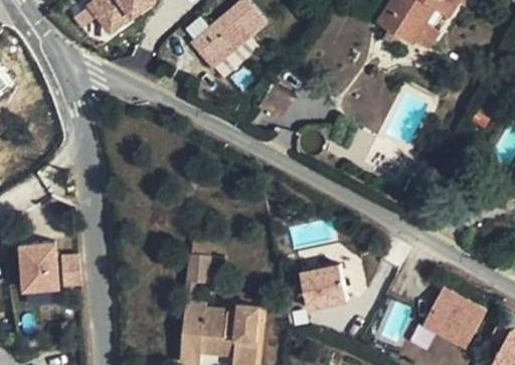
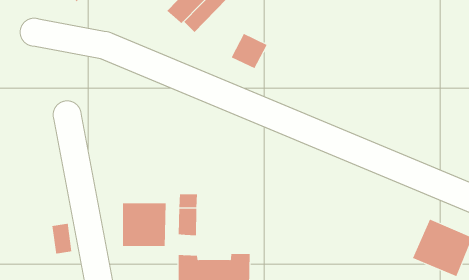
building: none -> [123,202,166,247]
building: [20,243,56,289] -> none
building: [301,263,347,308] -> none

